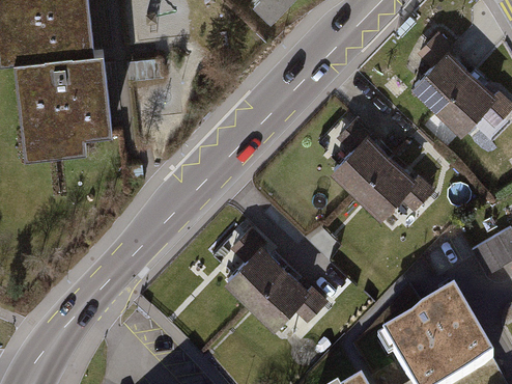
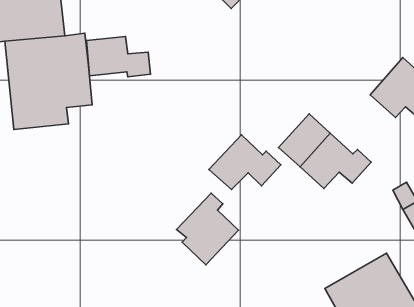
building: [409,37,473,115] -> none
building: none -> [86,36,150,77]
building: [248,270,330,332] -> [209,135,281,189]

